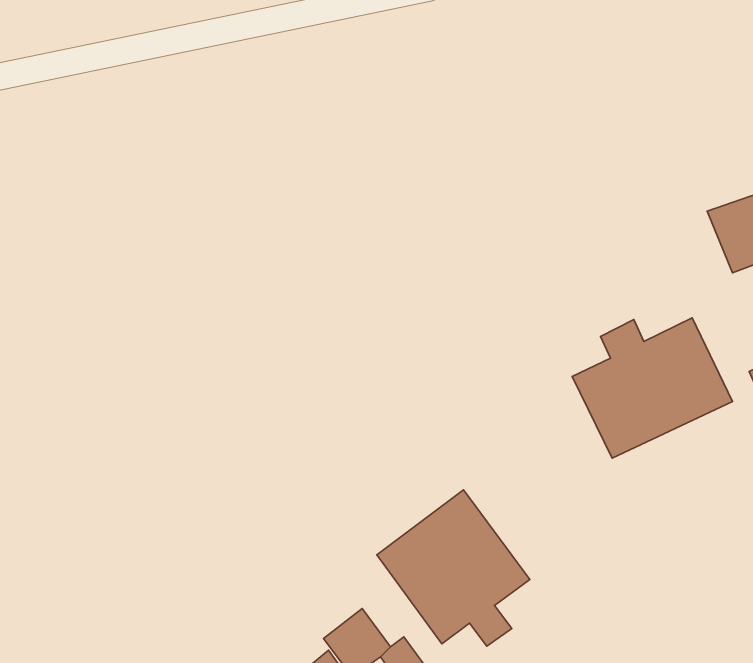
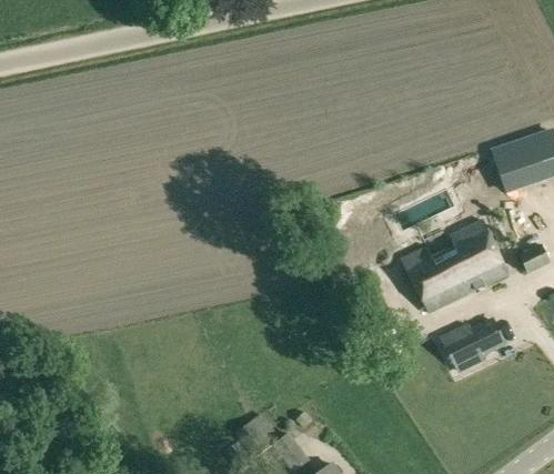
building: none -> [443,317,505,372]
building: [377,490,530,646] -> none

